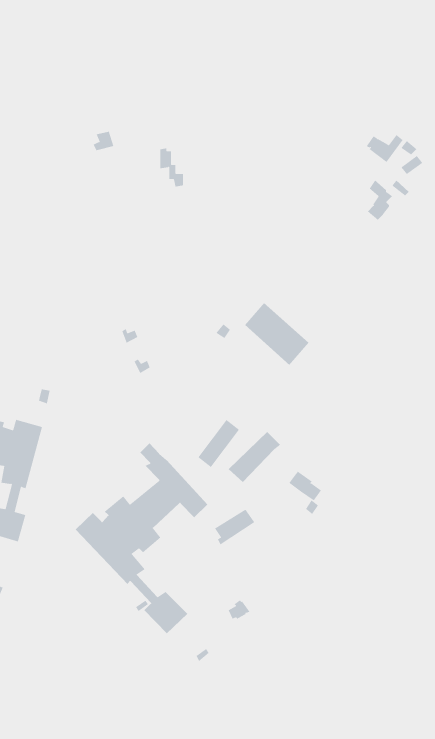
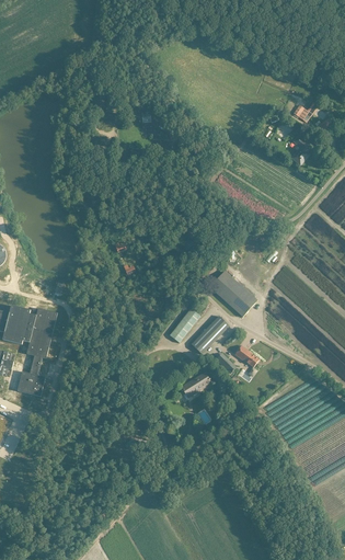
building: [244,302,309,366] -> [209,271,256,317]
building: [75,442,208,634] -> none

